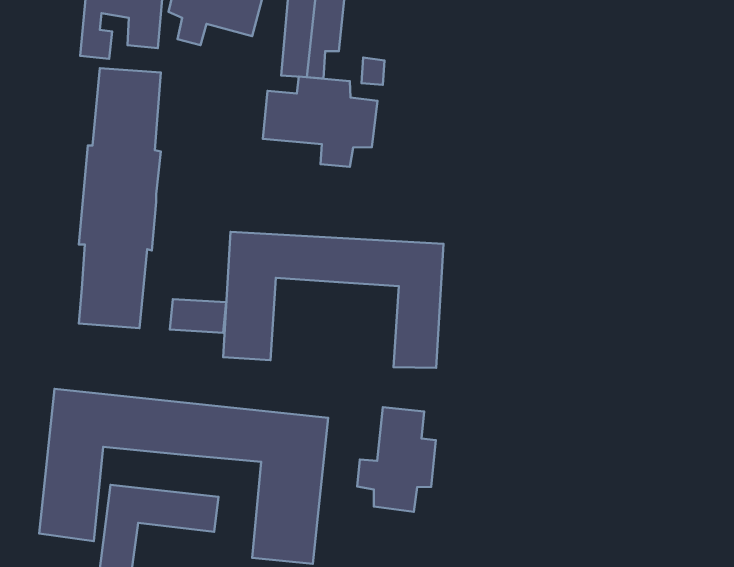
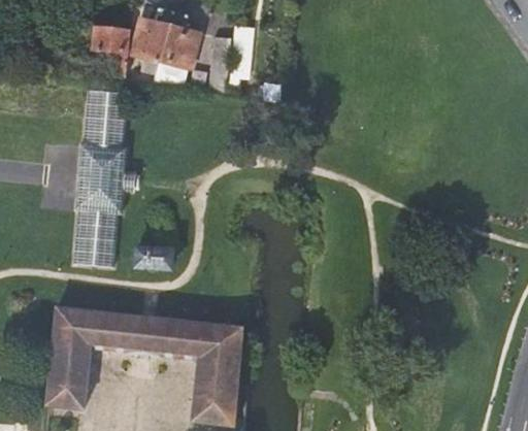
building: [263,77,377,167] -> none
building: [223,232,443,368] -> none
building: [357,407,436,512] -> none

